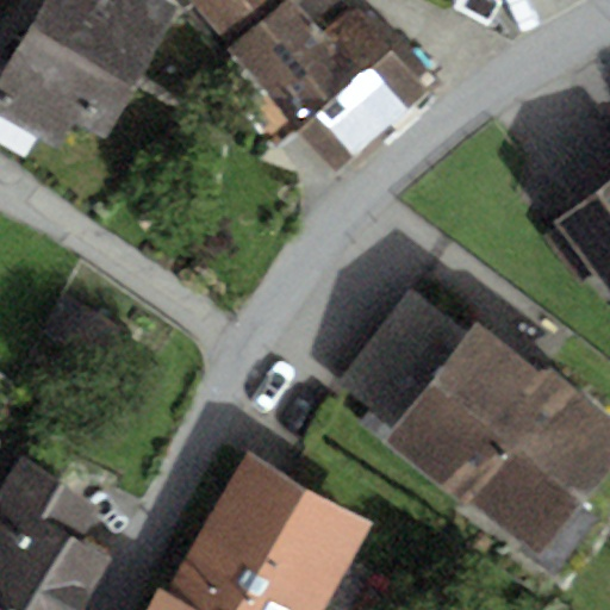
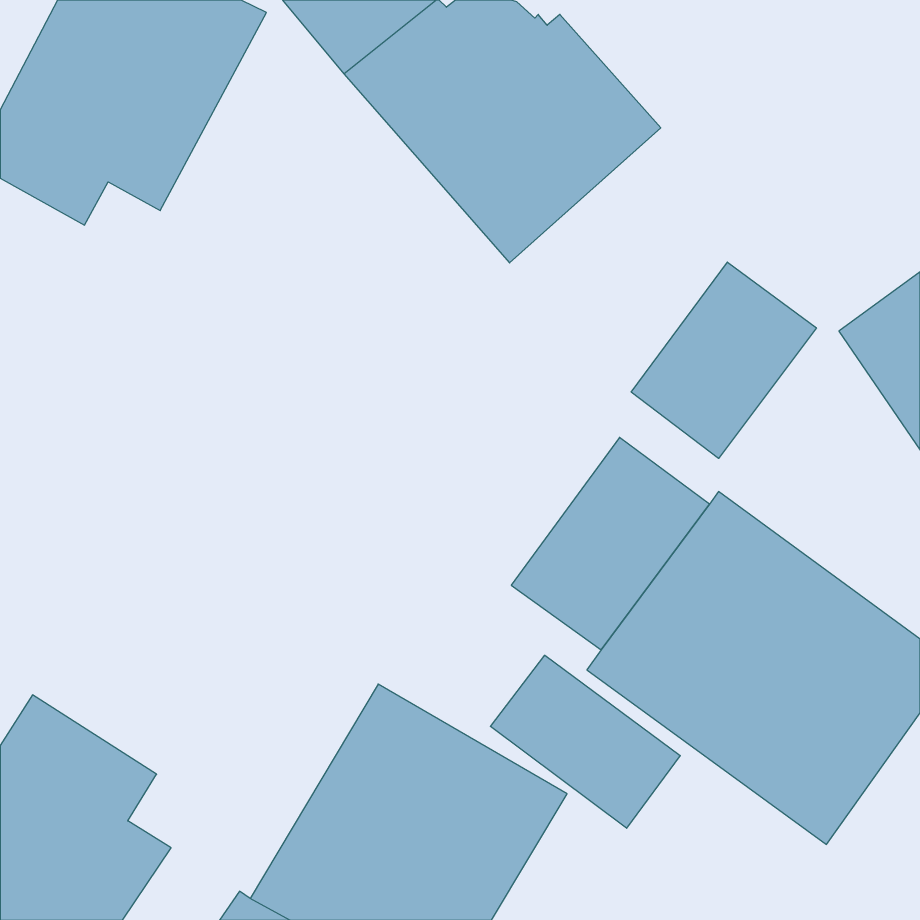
building: none -> [631,262,816,458]
building: none -> [490,655,680,828]

